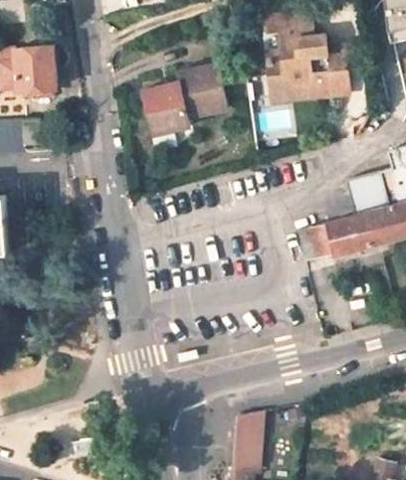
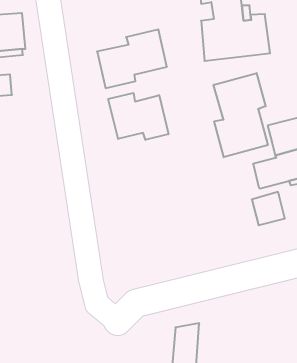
building: none -> [214,73,268,157]
building: none -> [108,93,168,140]
building: [295,222,335,262] -> [252,192,285,225]

